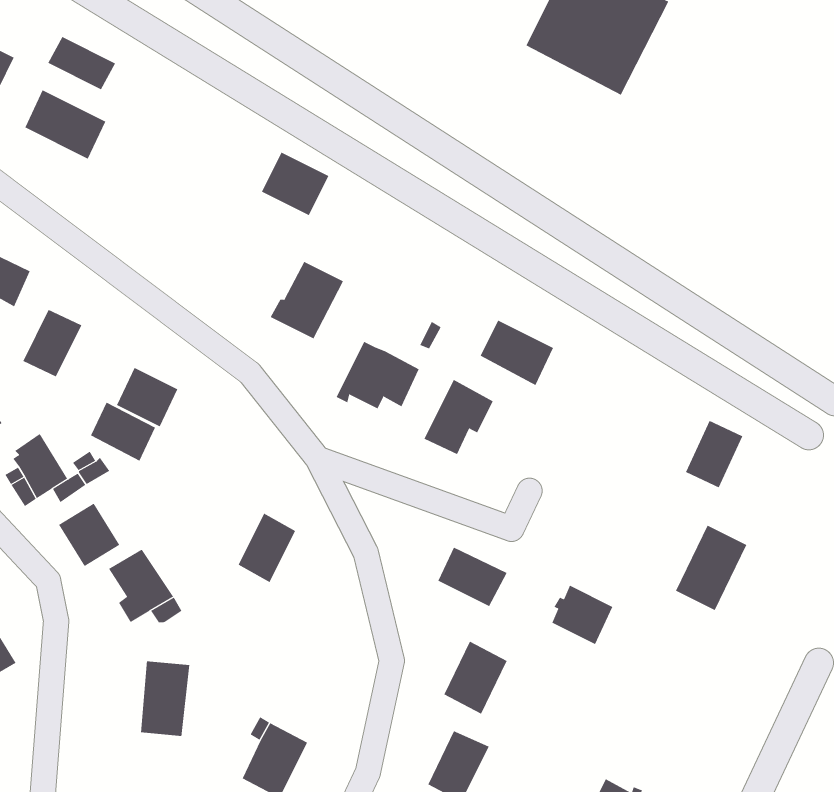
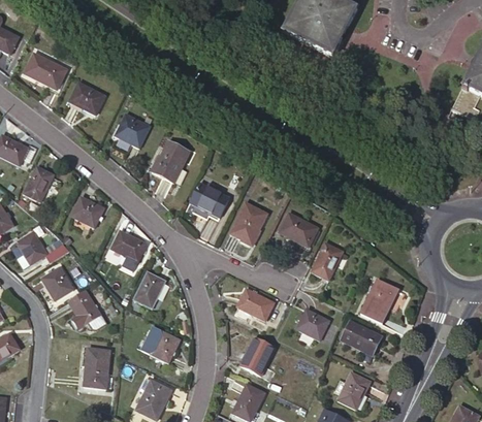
building: [48,36,116,90] -> none
building: none -> [68,82,104,115]
building: [261,152,329,216] -> [115,113,150,147]
building: [480,320,554,386] -> [279,213,317,247]
building: [90,402,156,462] -> [111,230,146,261]
building: [685,420,743,488] -> [311,245,341,280]
building: none -> [341,321,381,354]
building: none -> [150,330,180,361]
building: none -> [338,371,369,409]

